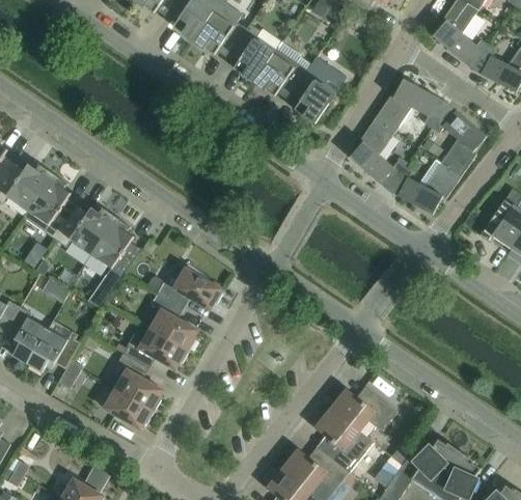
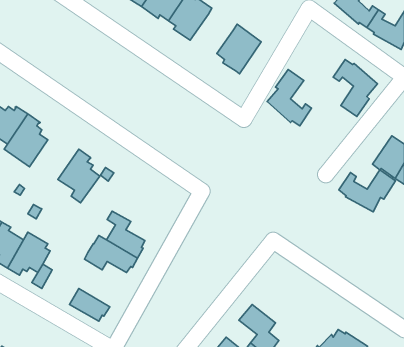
building: [253,43,311,99] -> none
building: [375,79,445,132] -> none
building: [389,163,460,215] -> [339,170,396,212]
building: [54,205,115,254] -> none
building: [157,262,222,310] -> none
building: [111,353,163,412] -> none
building: [330,388,396,432] -> none

